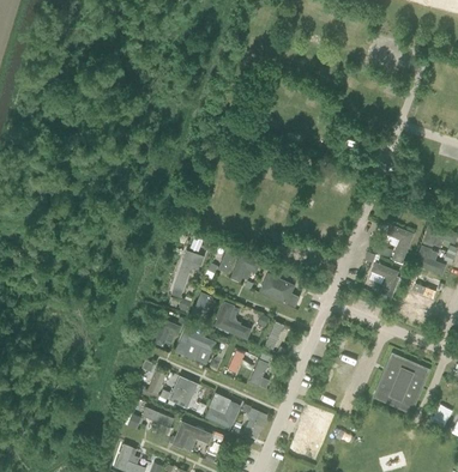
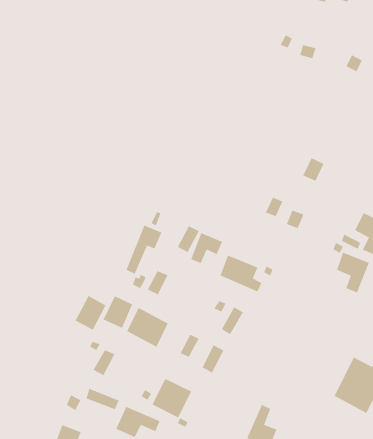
building: [212,301,252,340] -> none
building: [168,375,197,409] -> [75,295,106,331]

